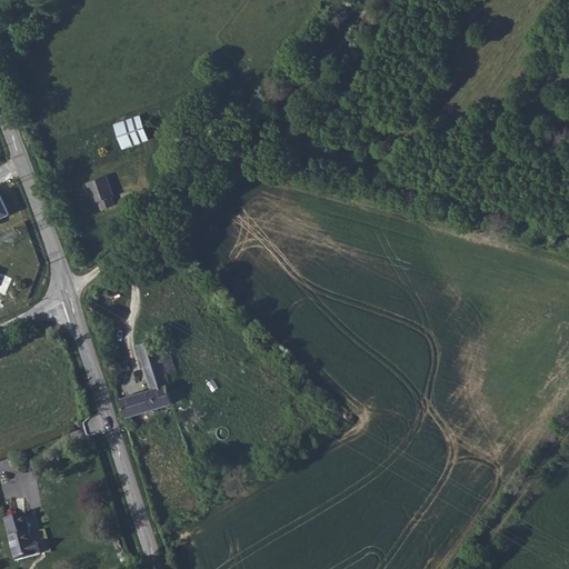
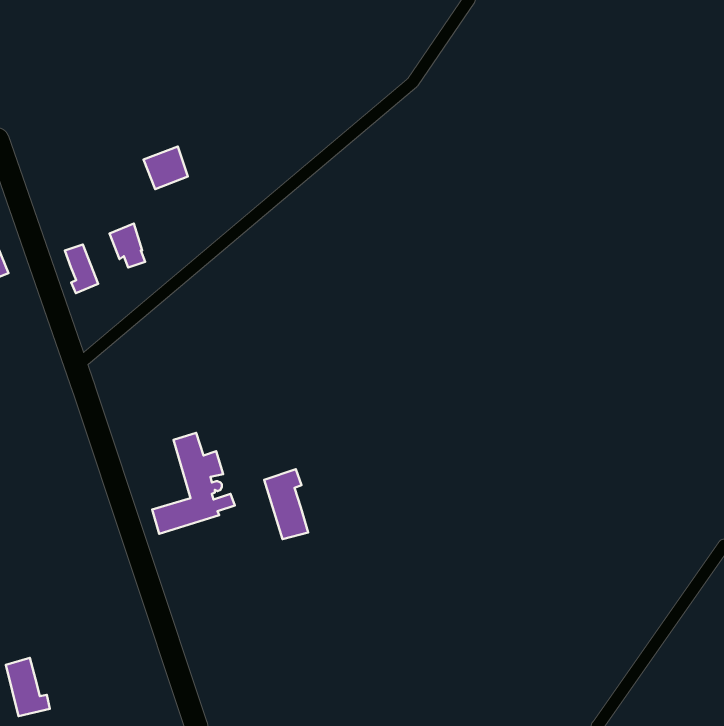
building: none -> [65,245,98,293]
building: none -> [264,469,308,539]

